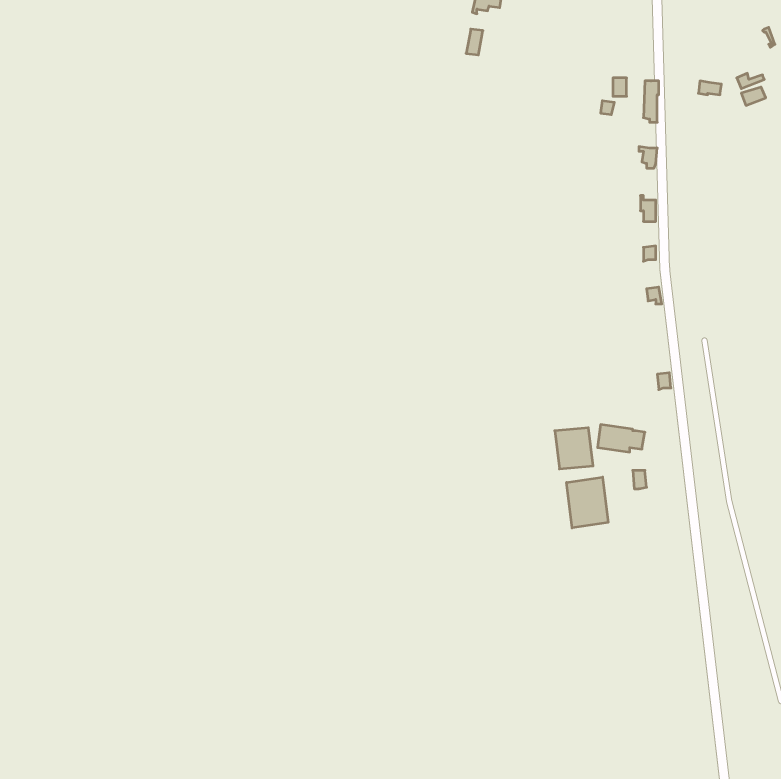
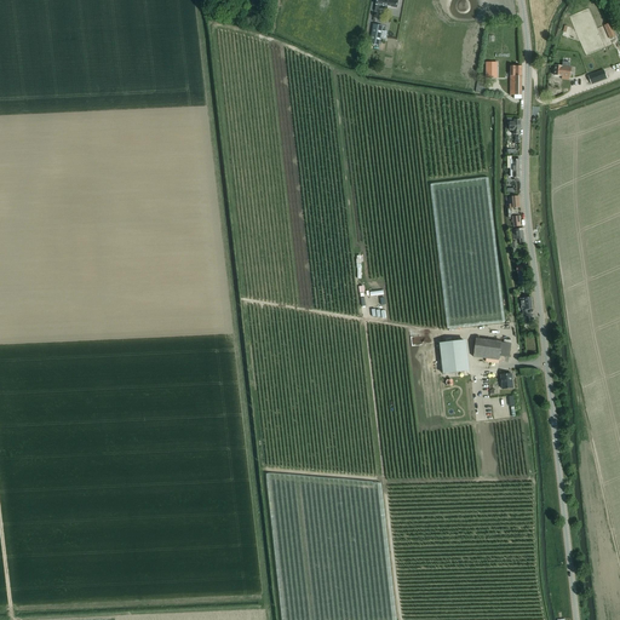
building: [567,477,608,528] -> none

